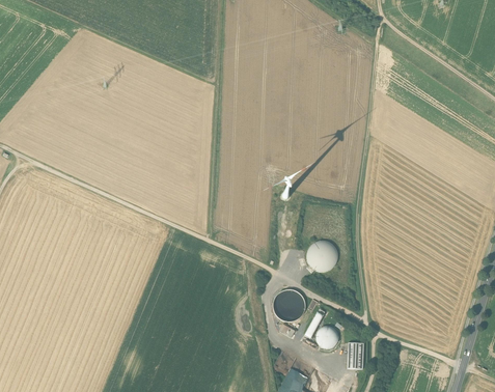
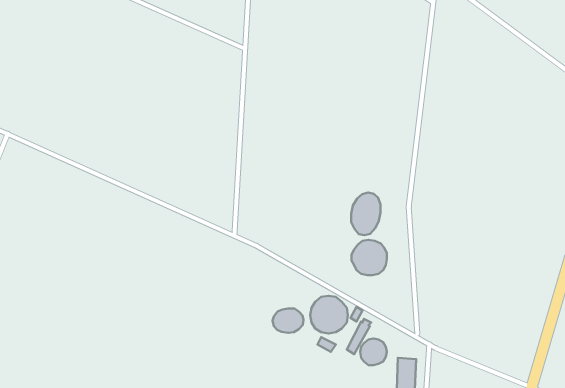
building: none -> [351,193,381,235]
building: none -> [273,309,303,333]

